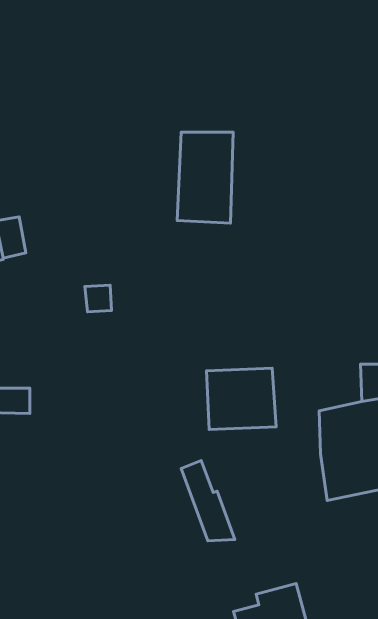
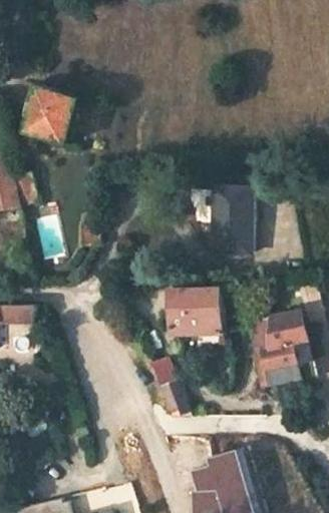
building: none -> [24,85,76,143]
building: [177,132,233,223] -> [210,188,252,256]

